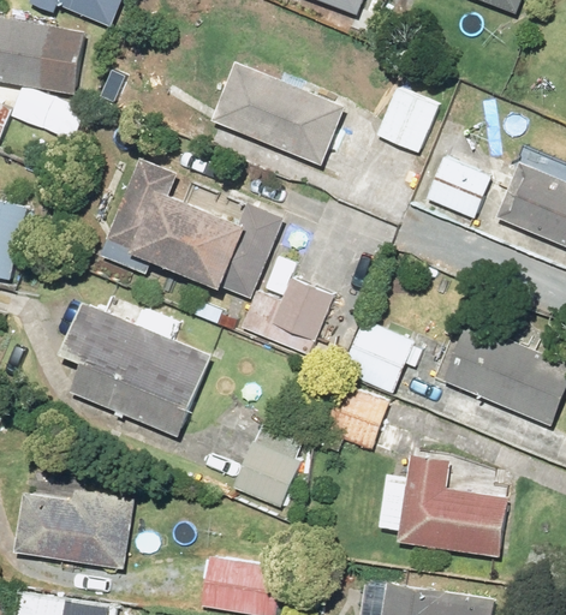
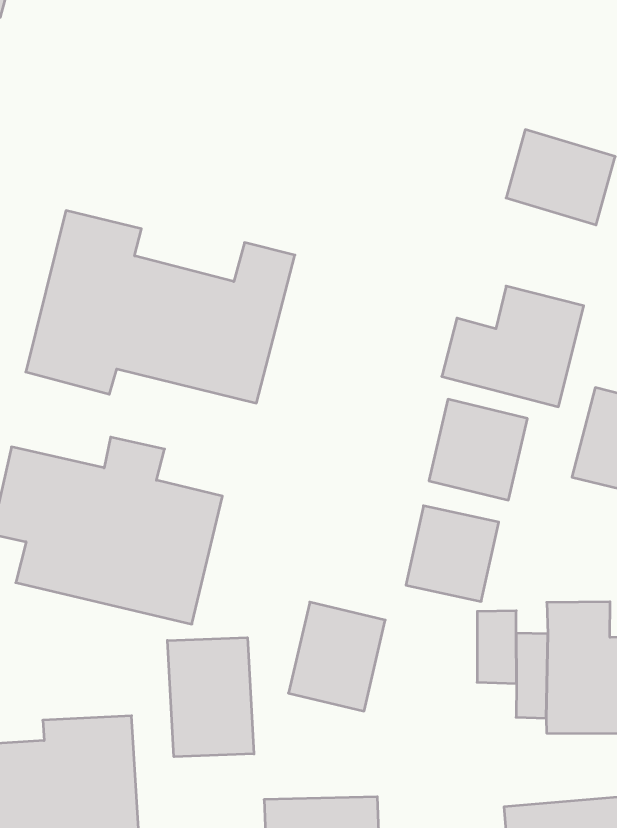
building: [211,64,340,162] -> none
building: [374,84,435,154] -> none
building: [237,274,335,357] -> [442,286,584,407]
building: none -> [167,638,254,757]

